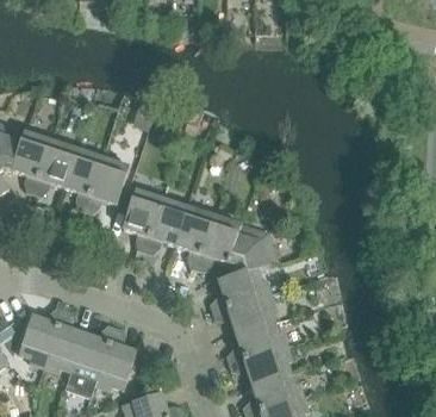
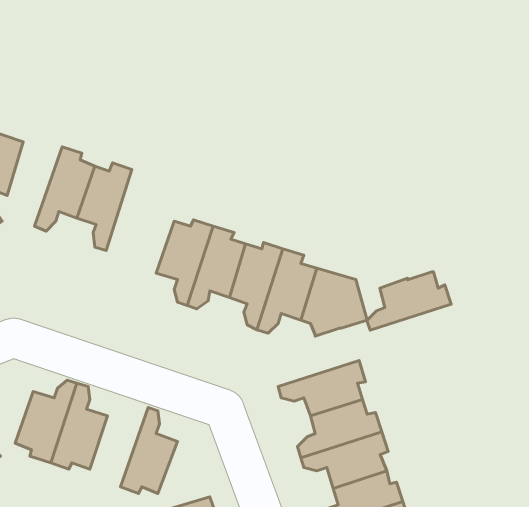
building: [13,131,54,194] -> none
building: [86,153,130,214] -> none
building: [210,269,272,312] -> [367,272,451,330]
building: [74,325,117,386] -> none

